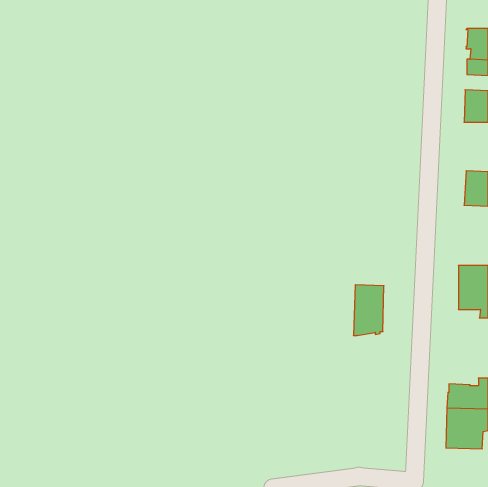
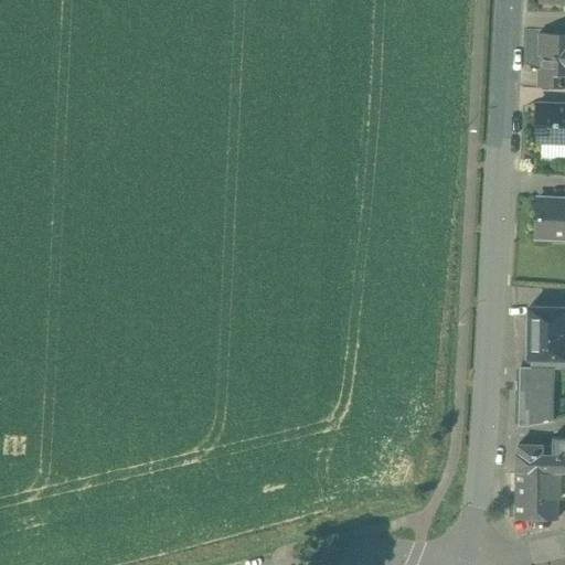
building: [353,285,384,335] -> [519,367,554,426]

